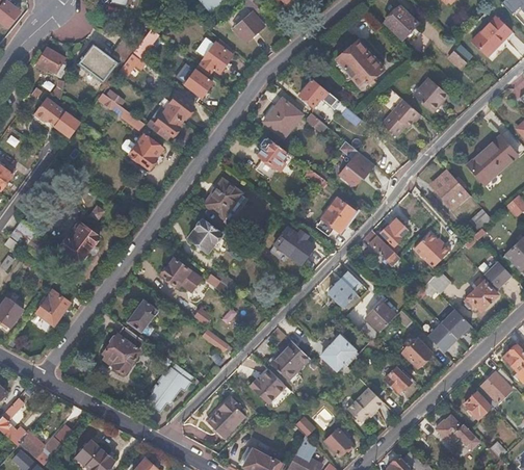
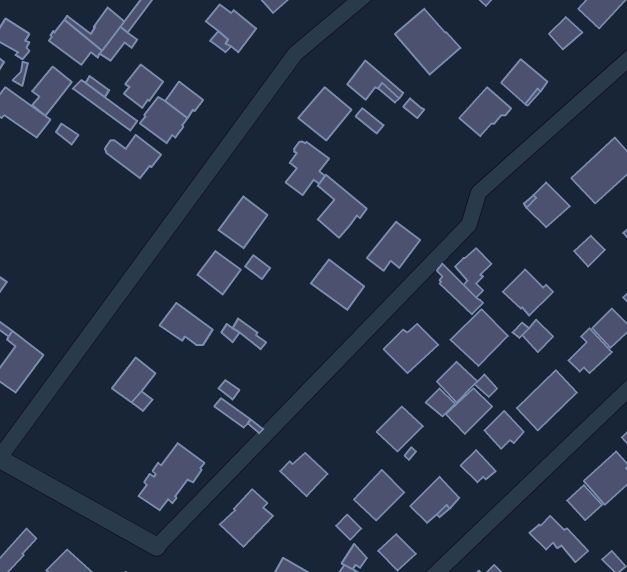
building: [183,69,212,101] -> [124,65,163,108]
building: none -> [32,67,72,116]
building: [339,140,375,187] -> [318,175,367,238]
building: [59,220,99,262] -> none
building: none -> [450,309,508,366]
building: none -> [446,388,492,434]
building: [103,332,138,373] -> none
building: [271,340,309,377] -> [354,470,404,520]

